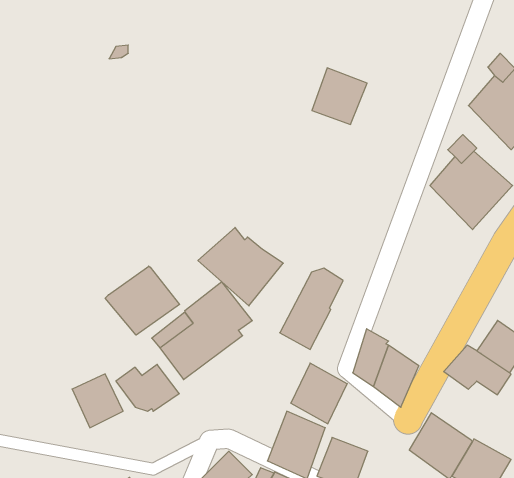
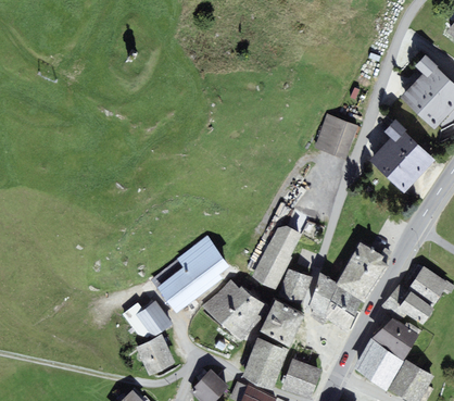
building: [312,68,367,124] -> [315,114,358,159]
building: [198,227,283,306] -> [202,279,269,341]
building: [105,266,180,335] -> none
building: none -> [336,242,390,304]
building: none -> [278,270,312,303]
building: [72,374,123,428] -> [136,335,176,377]
building: none -> [371,318,419,361]

